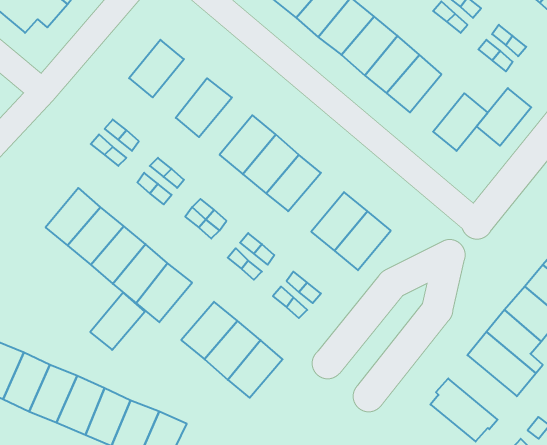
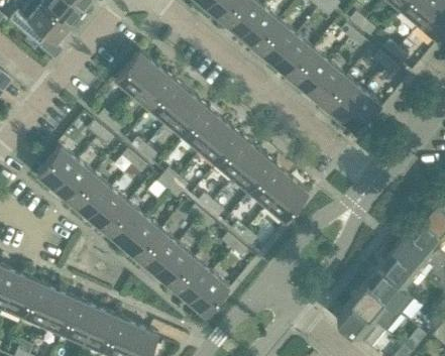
building: none -> [132,67,173,110]
building: [476,88,531,146] -> [322,78,362,120]
building: none -> [166,95,206,137]
building: none -> [35,147,78,191]
building: none -> [232,150,273,194]
building: [90,292,145,350] -> [137,231,178,273]
building: none -> [350,284,401,332]

